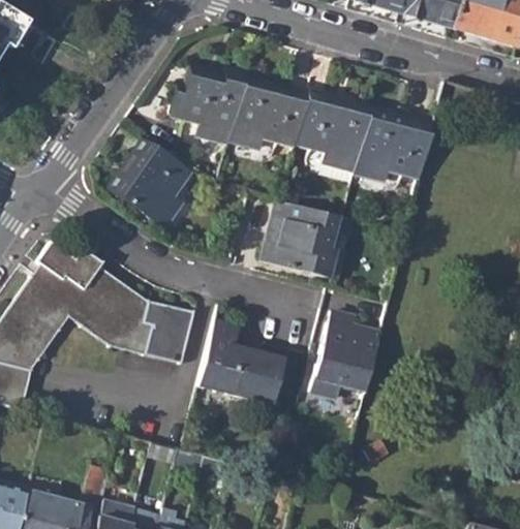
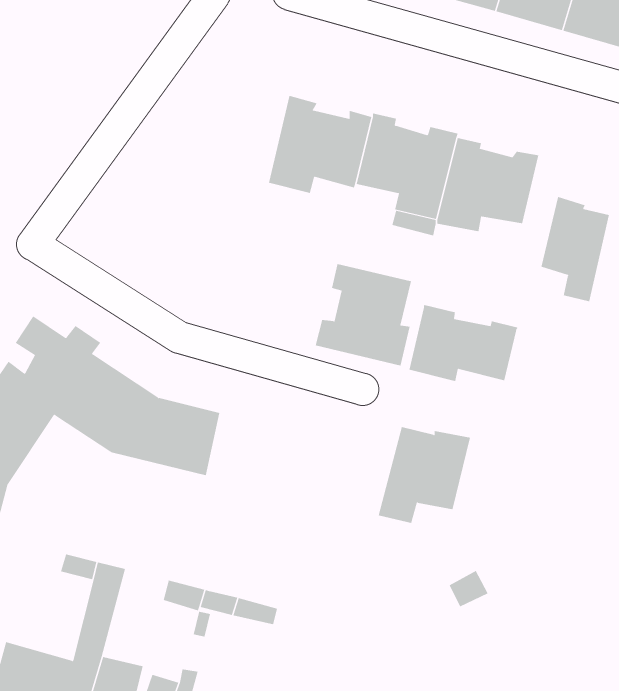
building: [170,63,245,145] -> none
building: [106,141,186,231] -> none
building: none -> [541,196,609,302]
building: none -> [409,304,519,382]
building: [197,320,284,407] -> none

